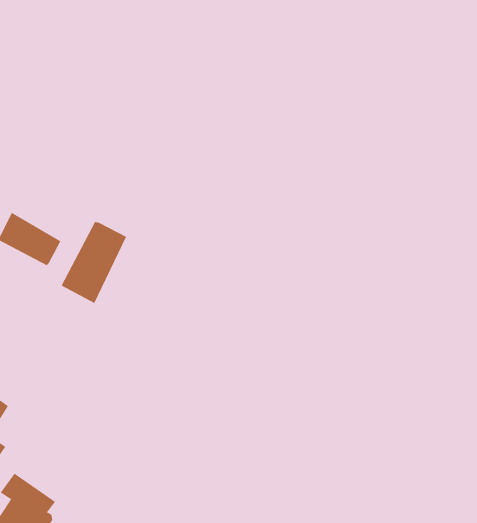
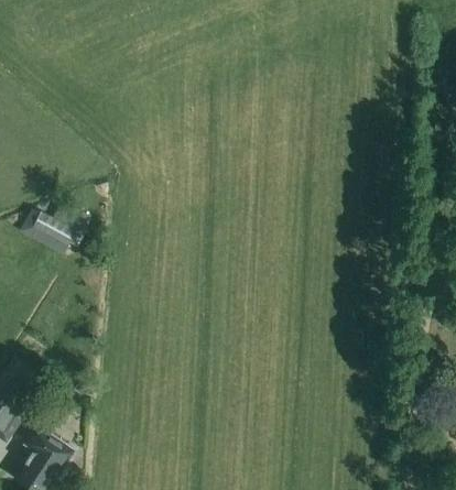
building: [61,221,127,304] -> none

